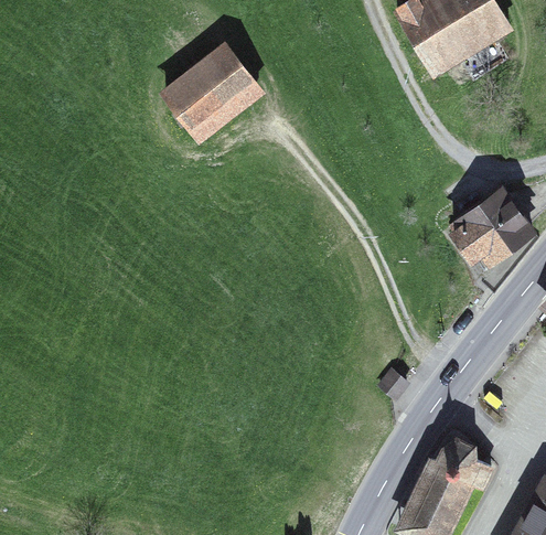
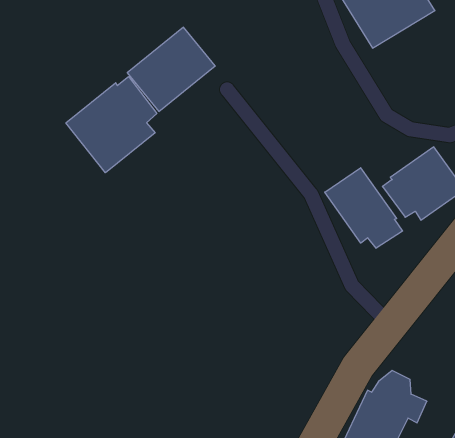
building: none -> [66,77,157,173]
building: none -> [325,168,403,248]

